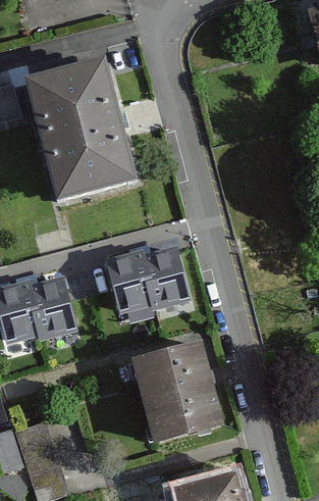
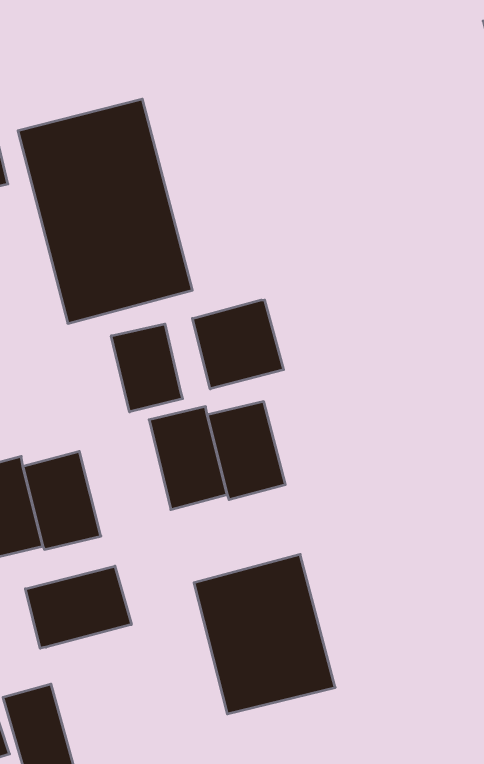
building: none -> [192,300,284,389]
building: none -> [111,324,183,412]
building: none -> [25,566,131,648]

